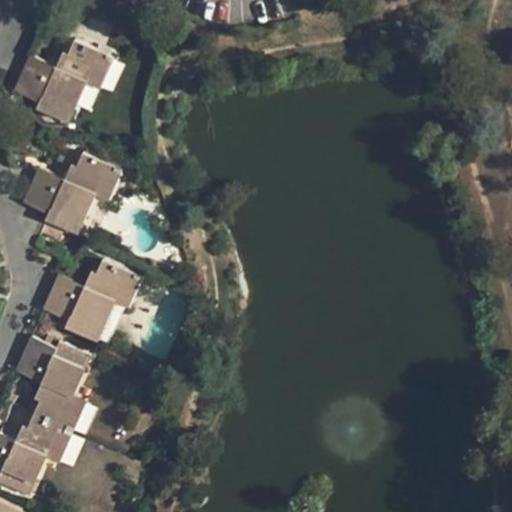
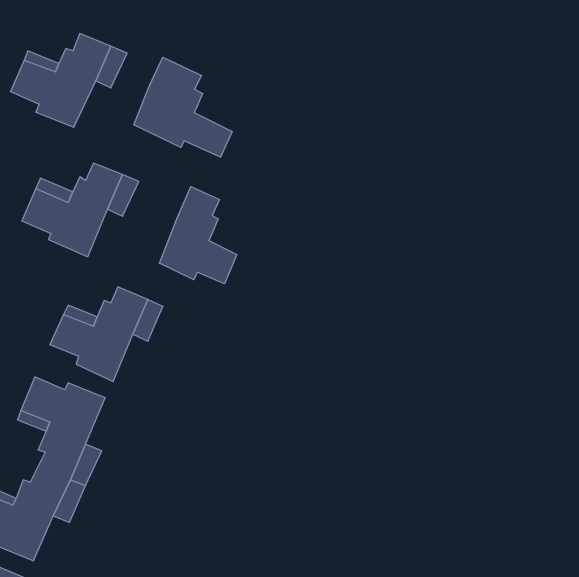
building: none -> [134,57,232,157]
building: none -> [159,187,237,284]

